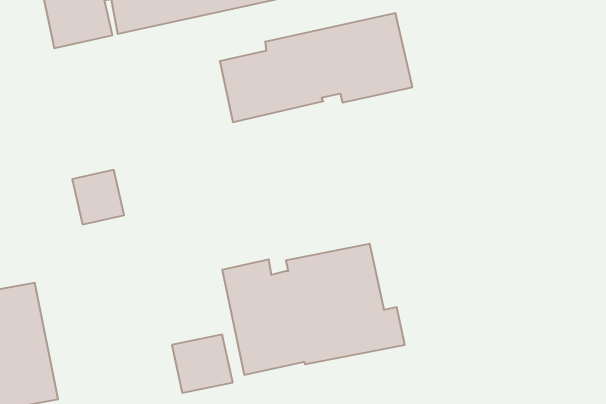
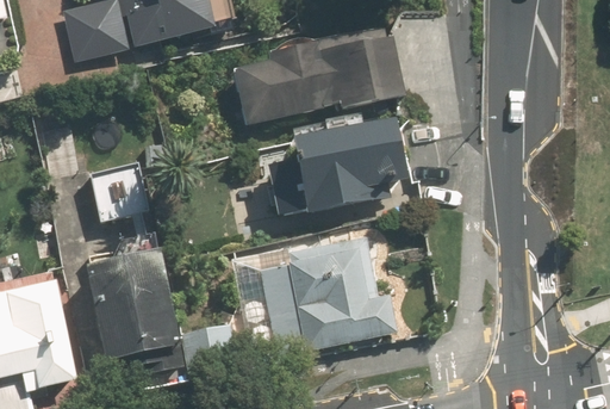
building: none -> [268,119,416,217]
building: none -> [83,253,178,370]

